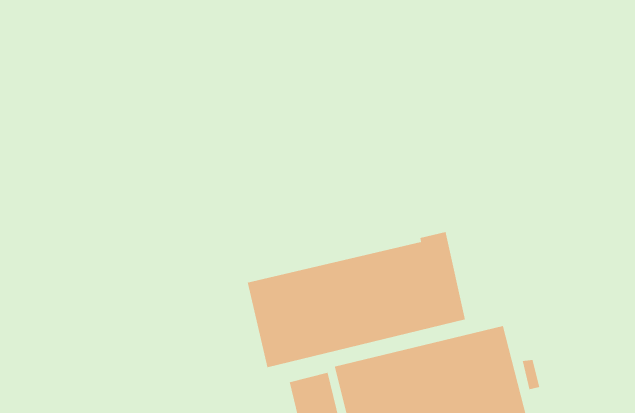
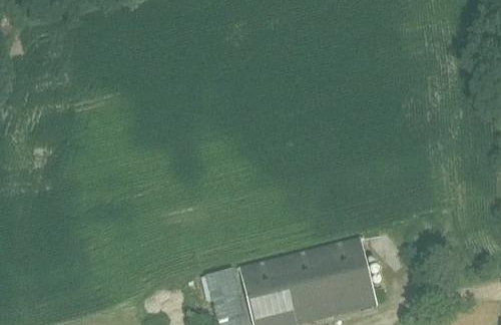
building: [247,231,466,368] -> none

